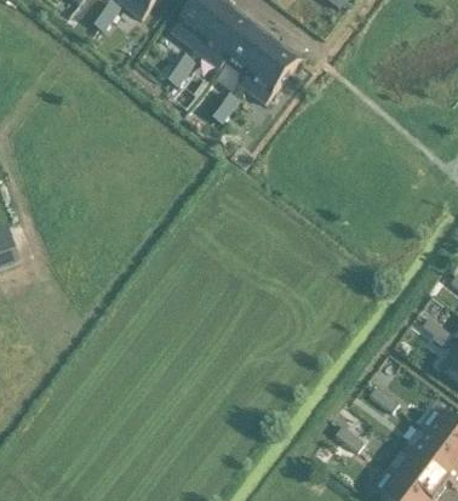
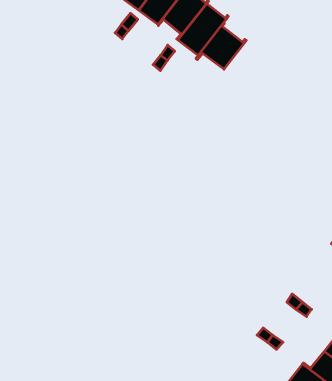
building: none -> [196,23,246,69]

